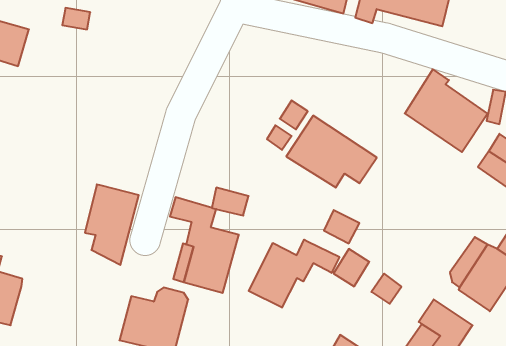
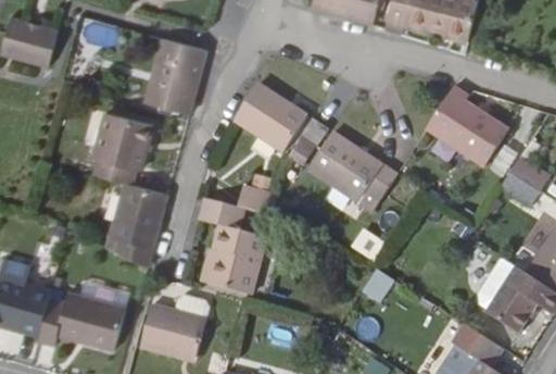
building: none -> [139,51,200,133]
building: none -> [238,79,313,148]
building: none -> [85,125,147,198]
building: [249,240,339,308] -> none
building: none -> [33,296,122,352]

